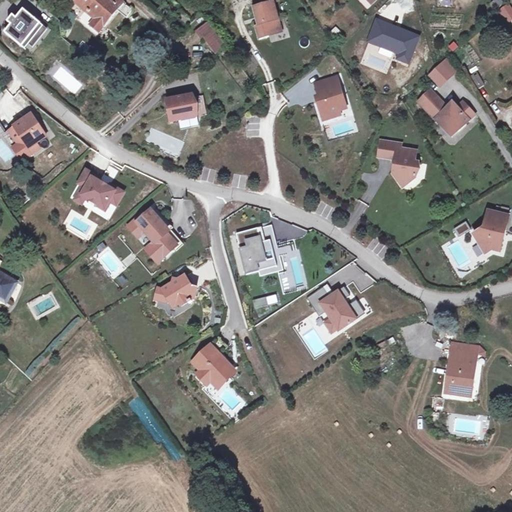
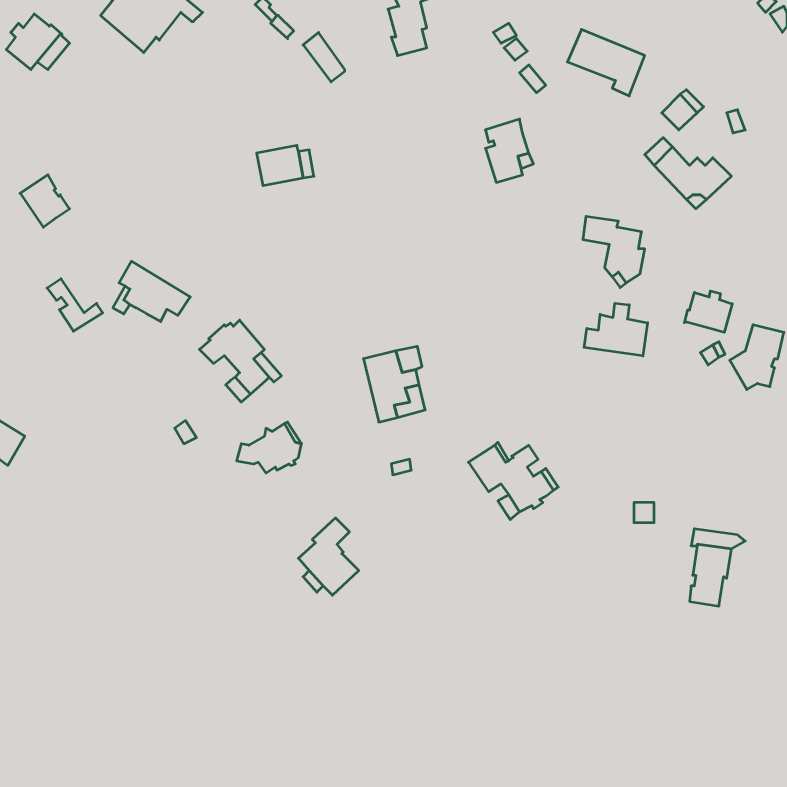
building: [4,125,40,159] -> [47,279,103,331]
building: none -> [684,291,732,332]
building: none -> [584,303,648,356]

